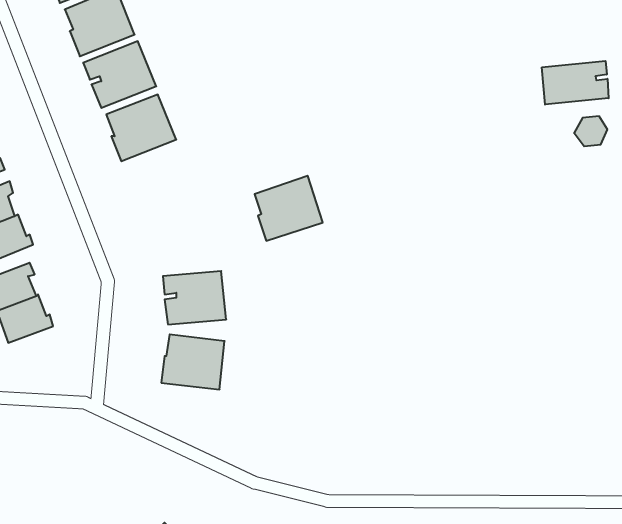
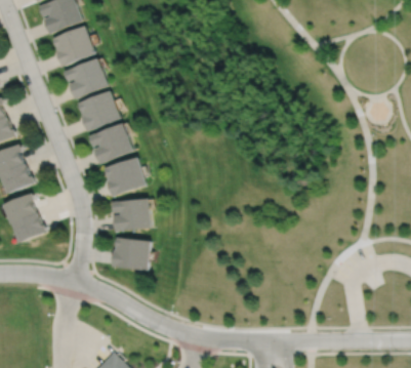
building: [542,61,609,105] -> none
building: none -> [89,123,133,164]
building: [255,176,323,241] -> [105,157,147,197]

